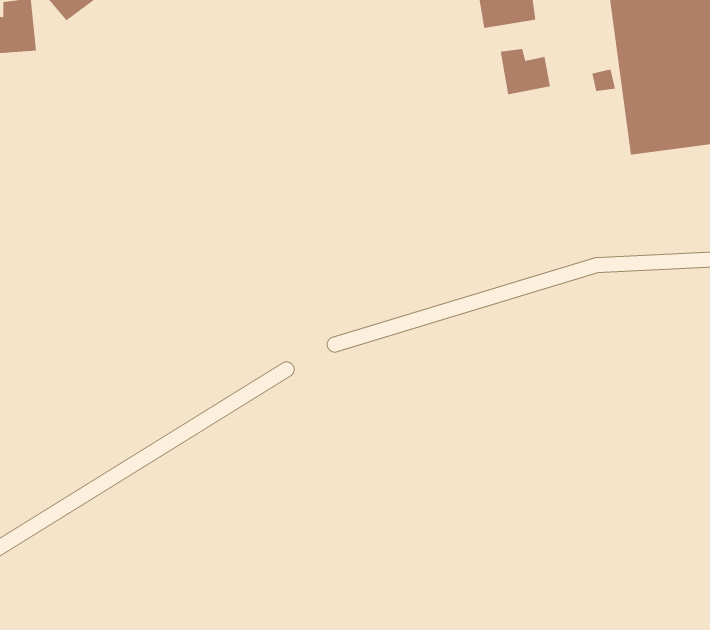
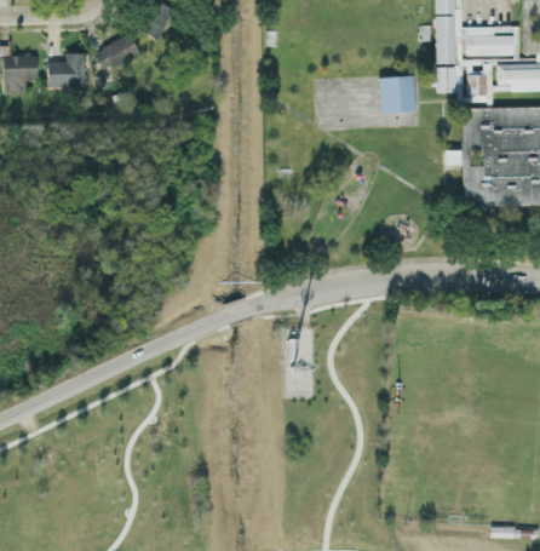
building: [500,48,550,95] -> none

